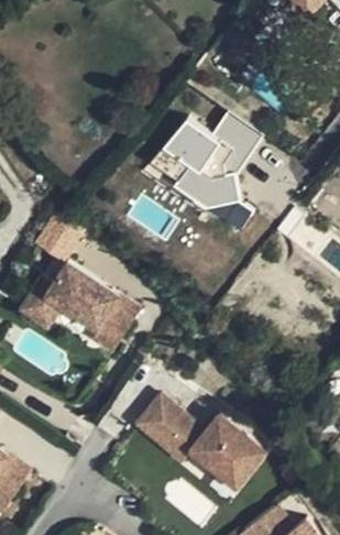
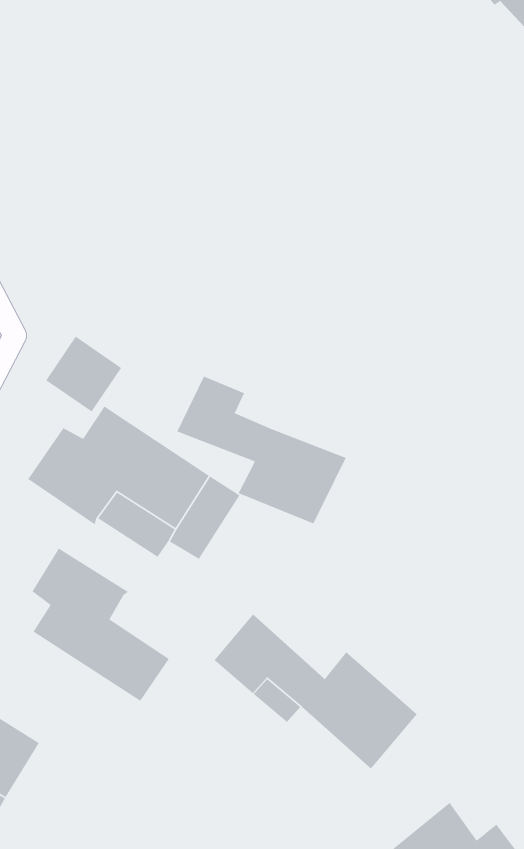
building: [144,116,263,220] -> none
building: none -> [176,375,347,524]
building: none -> [31,547,170,702]

